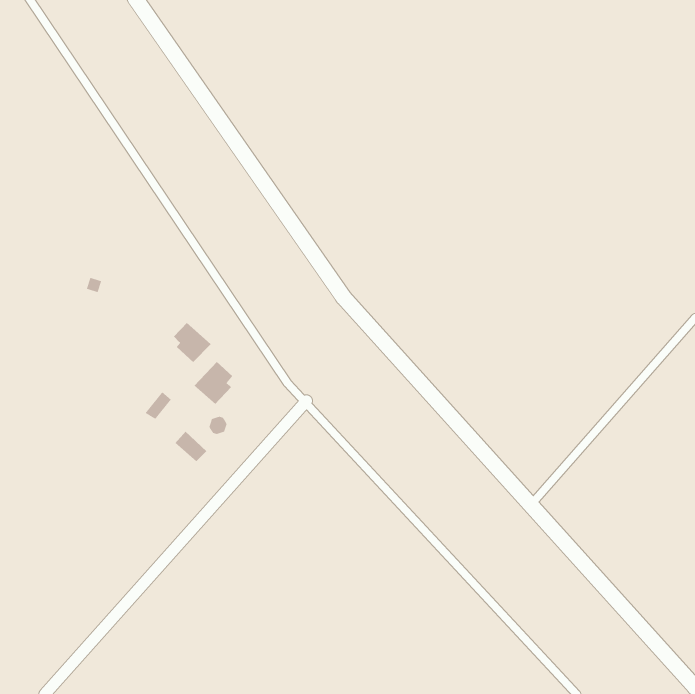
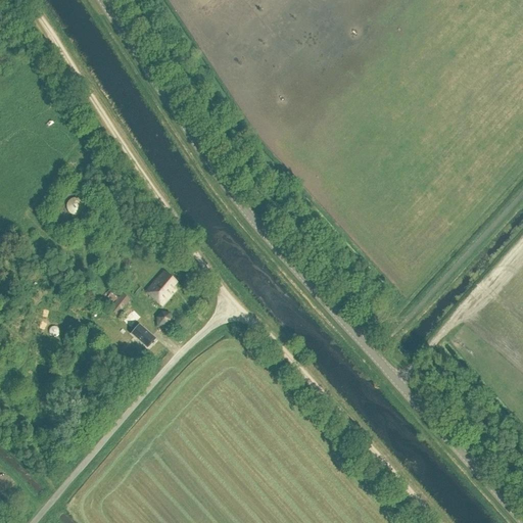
building: [173,322,211,363] -> none

